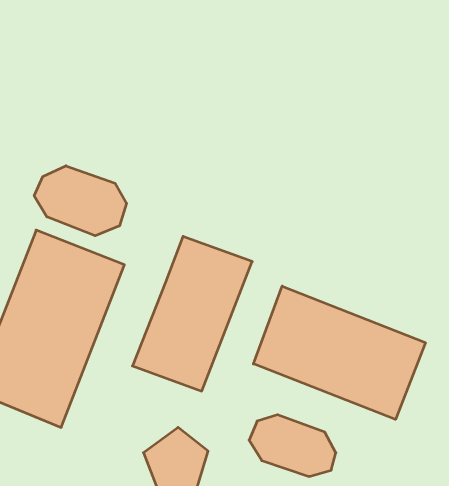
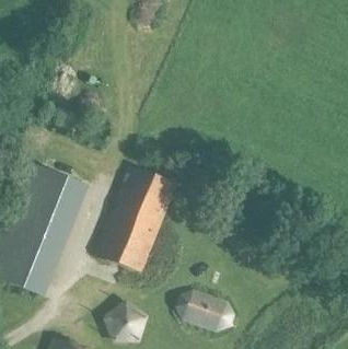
building: [34,166,127,236] -> none
building: [253,286,425,419] -> none

